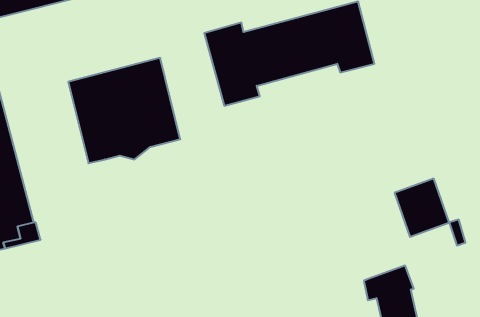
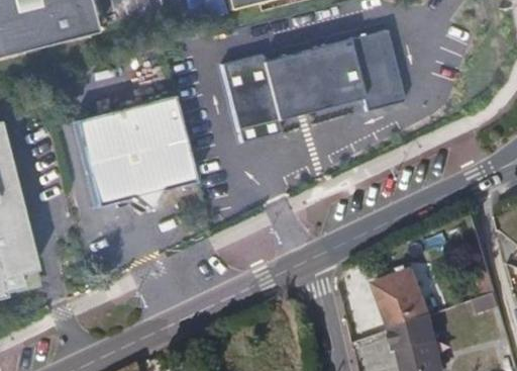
building: [395,179,449,237] -> [374,266,431,328]

